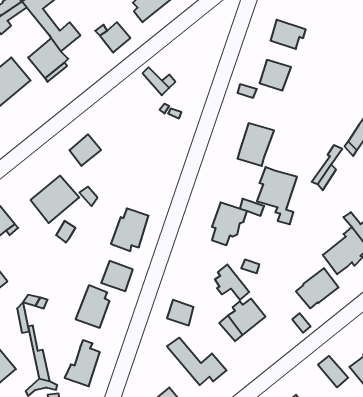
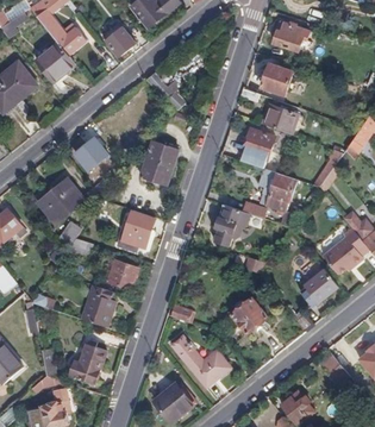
building: none -> [263,105,300,134]
building: none -> [139,142,177,186]
building: [215,264,249,300] -> none

